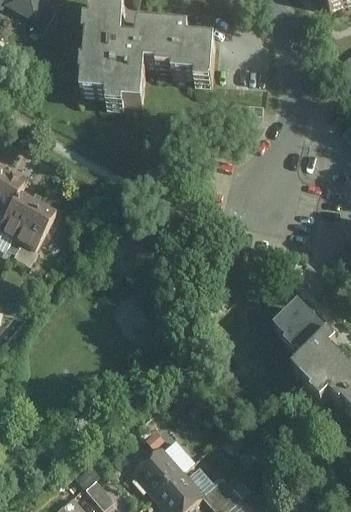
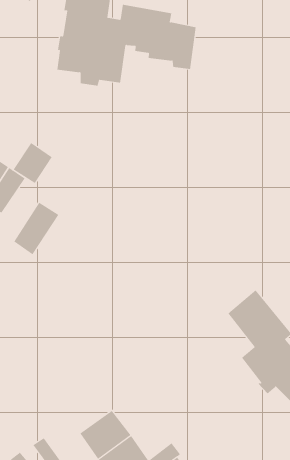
building: none -> [13,142,53,184]
building: none -> [13,202,59,255]

